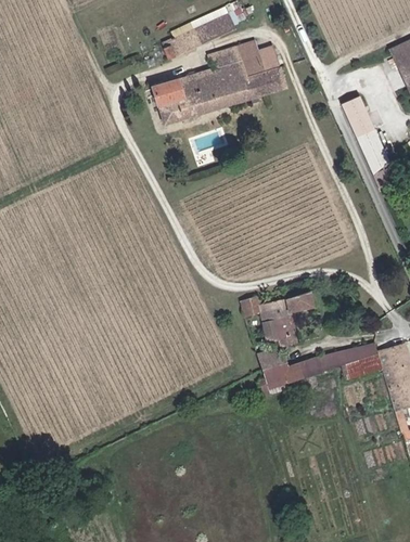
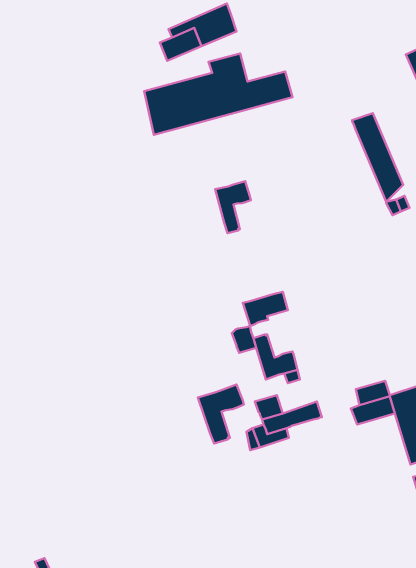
building: [244,43,284,74] -> none
building: none -> [215,181,251,233]
building: [268,289,308,320] -> [243,292,288,326]
building: none -> [198,385,244,444]
building: [312,348,350,373] -> none

